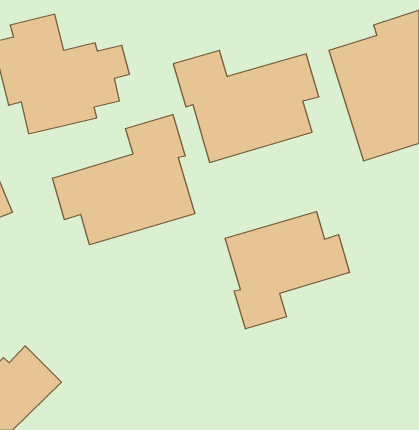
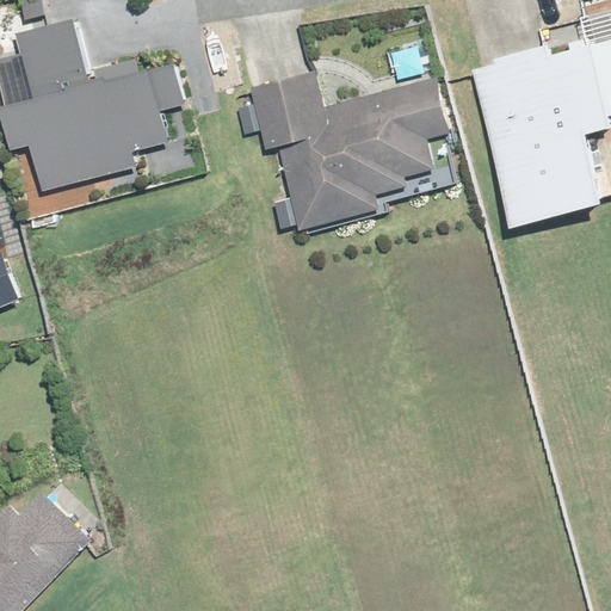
building: [52,114,195,245] -> none
building: [225,211,350,329] -> none

